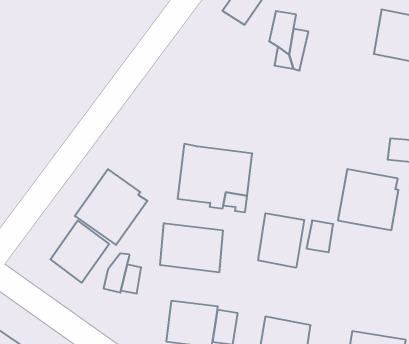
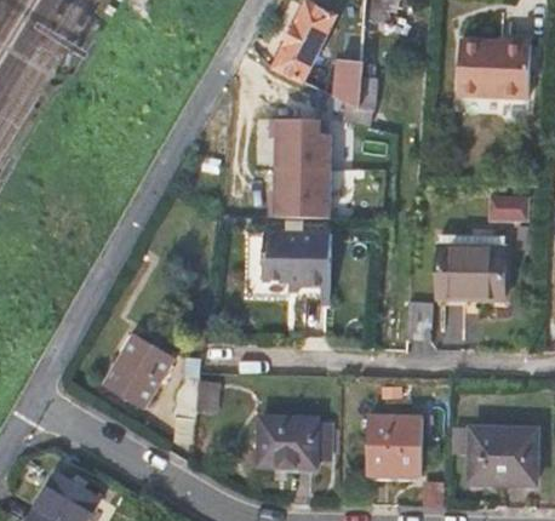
building: none -> [271,118,333,216]
building: [75,169,147,245] -> none
building: [258,213,304,268] -> none
building: [160,223,223,272] -> none

